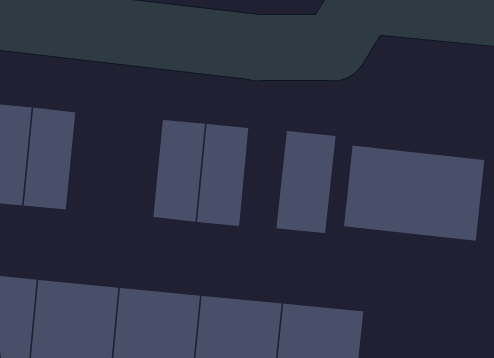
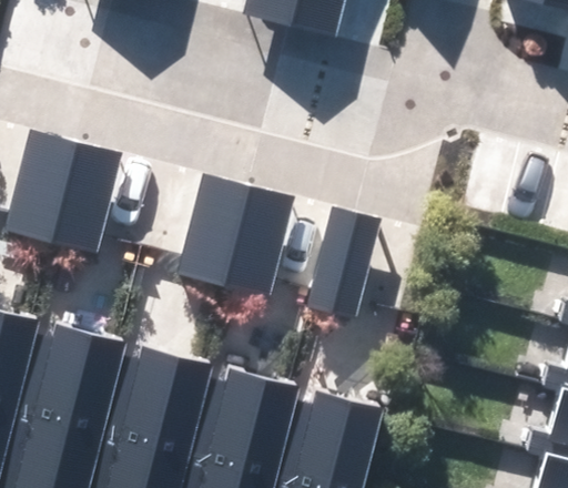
building: [343,145,485,242] -> none

